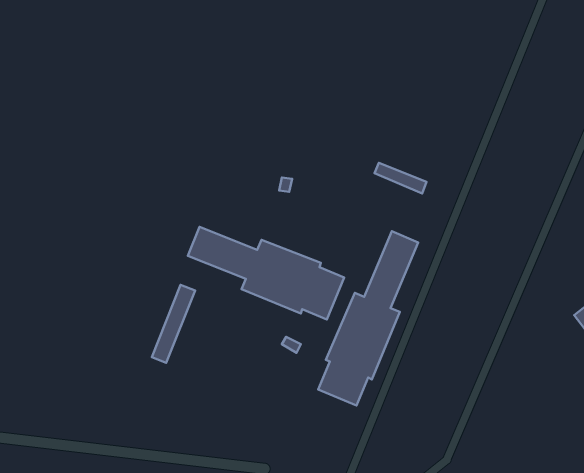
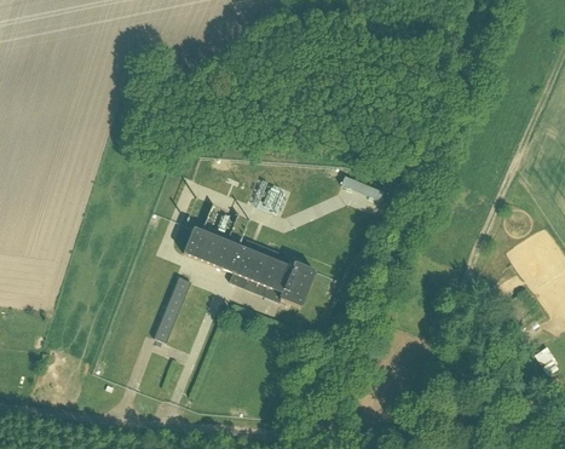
building: [318,231,418,406] -> none

